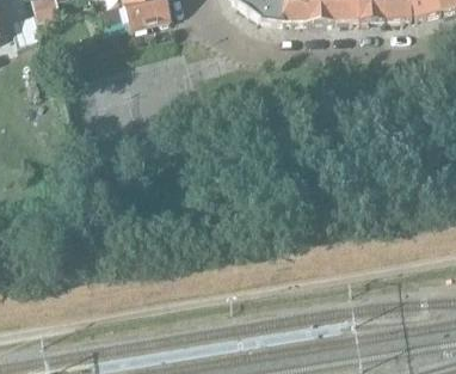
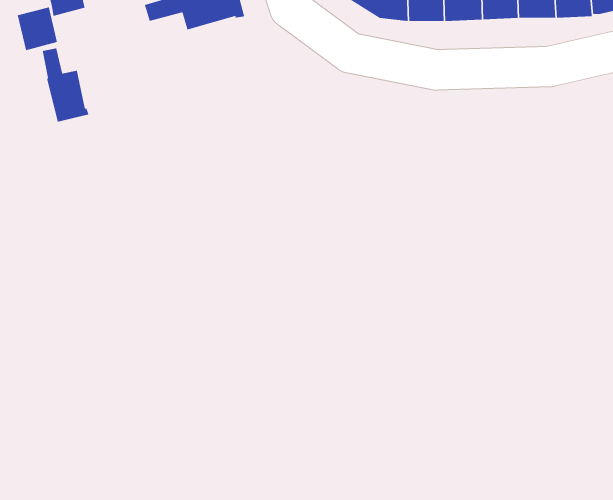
building: none -> [42,47,90,123]

